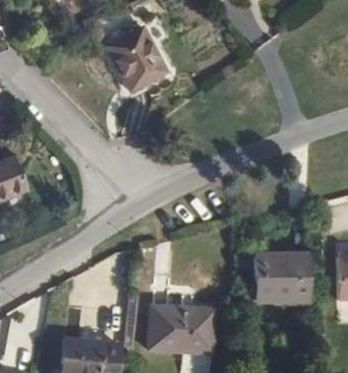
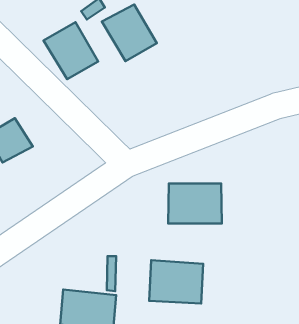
building: none -> [44,22,98,79]
building: [250,254,307,296] -> [168,184,222,223]

